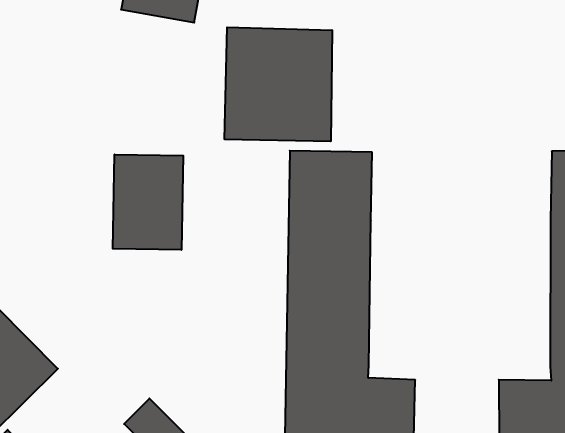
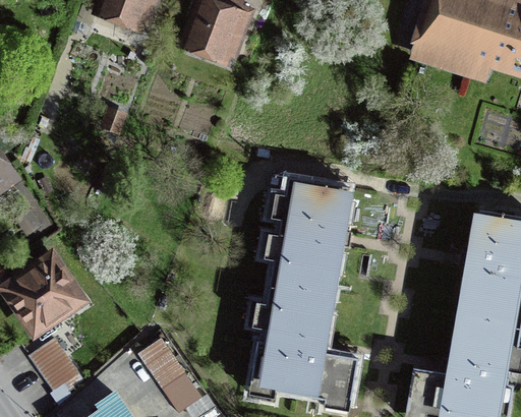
building: [225,27,332,141] -> none
building: [113,154,183,250] -> none

